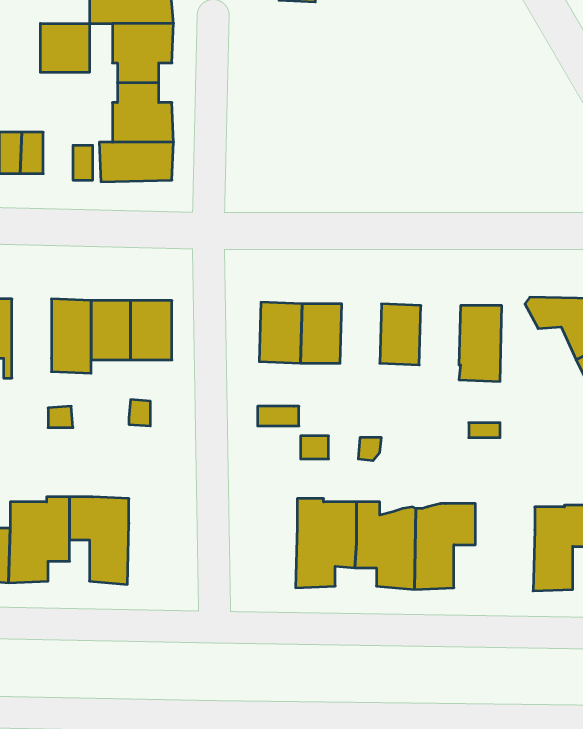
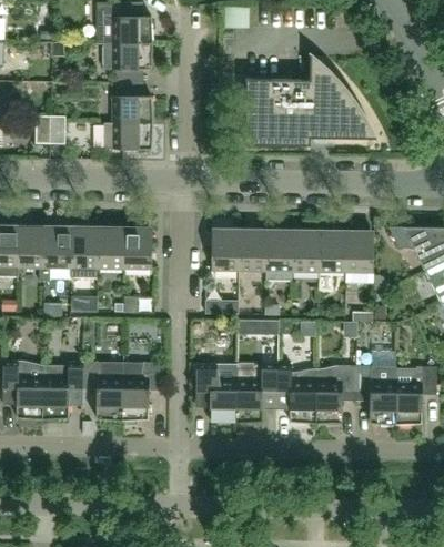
building: [40,23,89,72] -> none
building: none -> [244,53,375,143]
building: none -> [44,226,71,280]
building: none -> [265,230,293,278]
building: none -> [319,231,346,271]
building: none -> [122,361,163,418]
building: none -> [195,362,236,421]
building: none -> [356,364,396,423]

